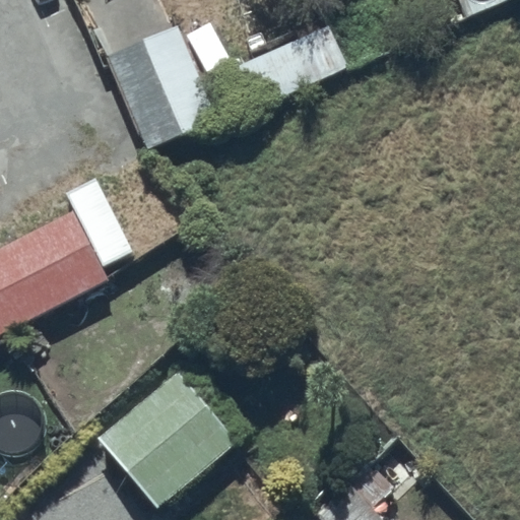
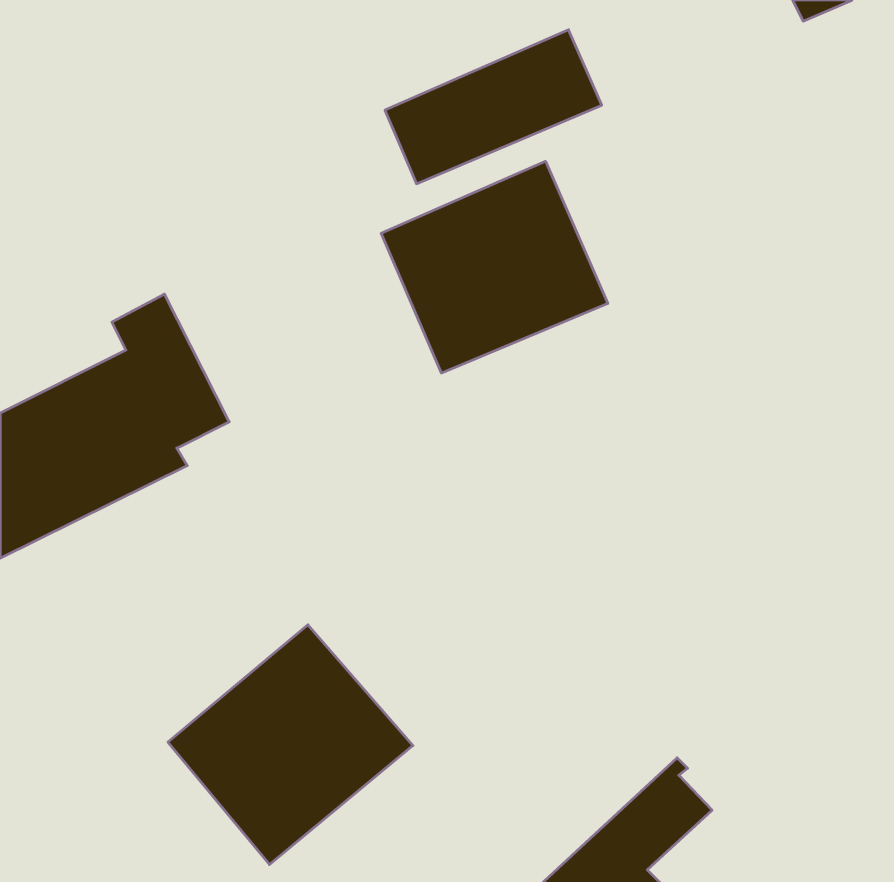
building: [107,26,219,149] -> none
building: none -> [381,161,608,373]

